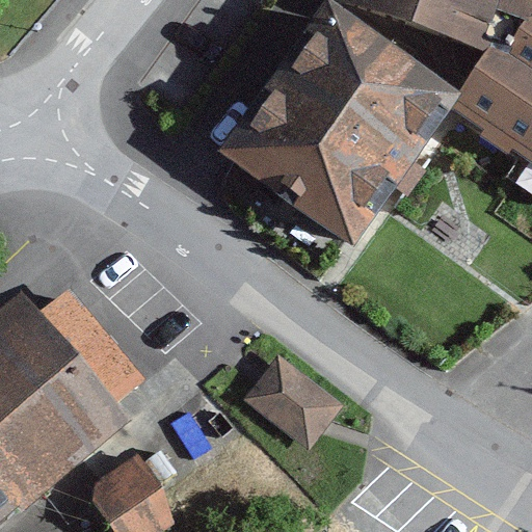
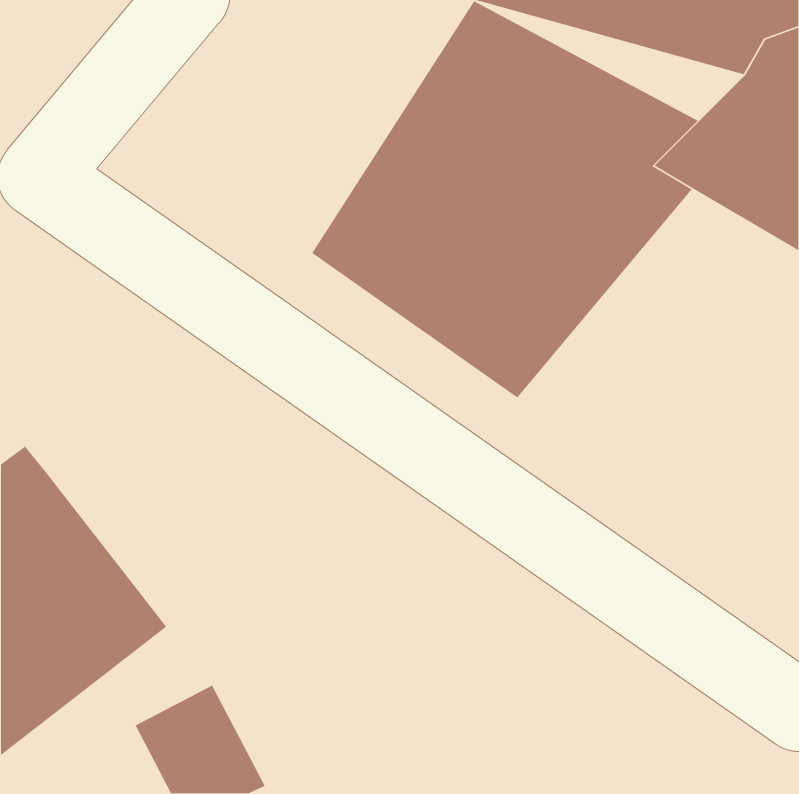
building: [30,285,137,402] -> none
building: [248,355,342,441] -> none

